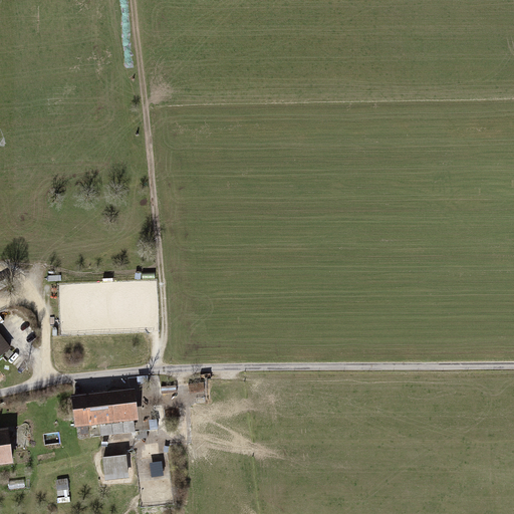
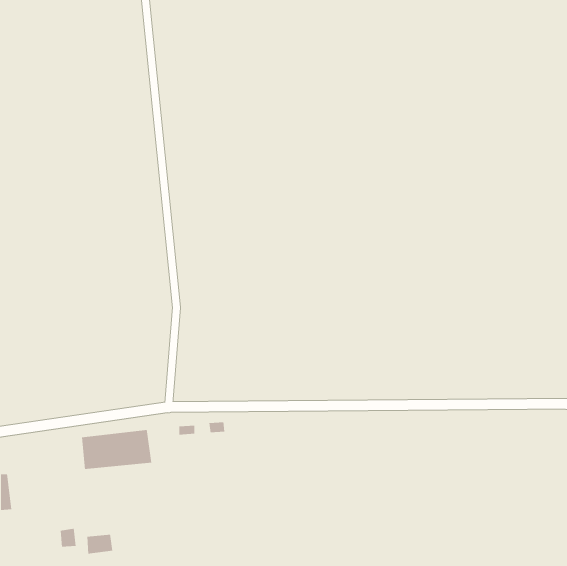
building: [103,456,127,474] -> [87,534,113,554]

